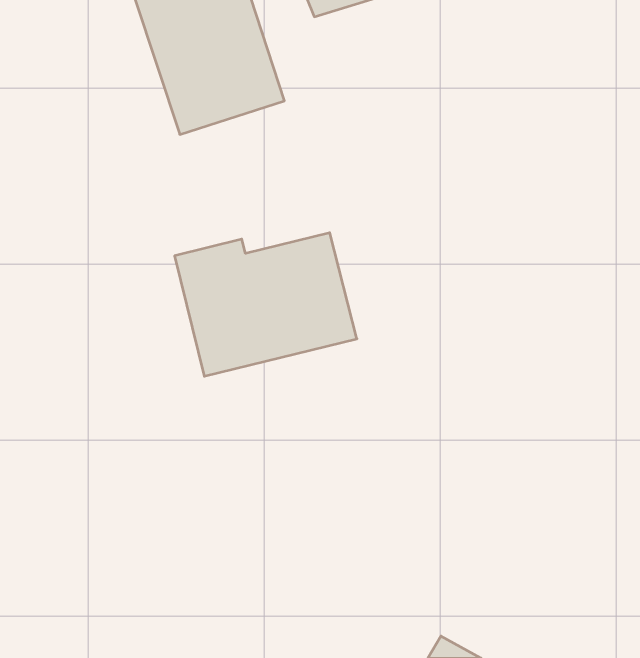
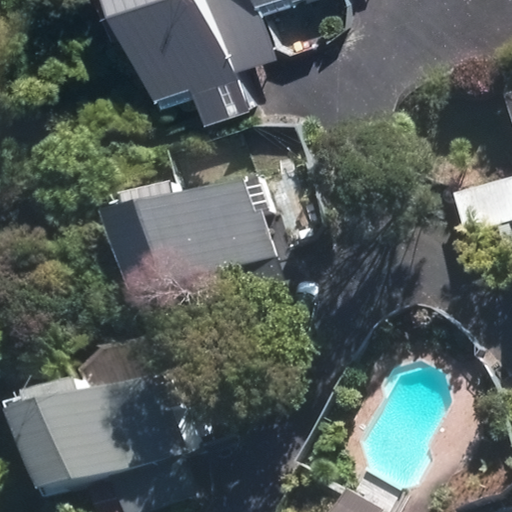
building: none -> [52,378,191,497]

